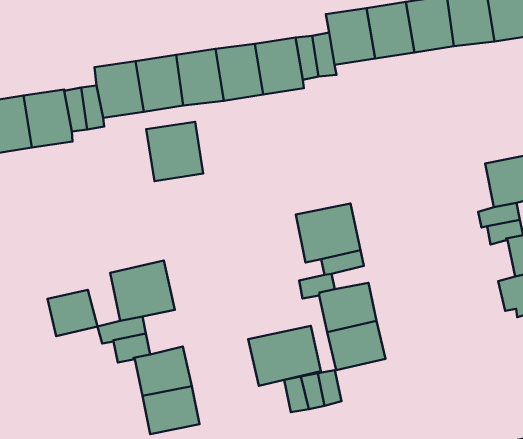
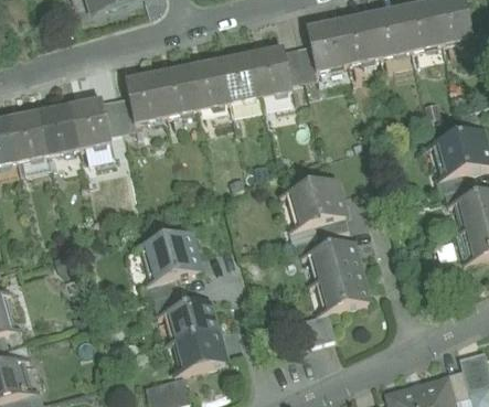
building: [146,122,203,181] -> none
building: [48,290,97,336] -> none
building: [248,326,321,386] -> none

